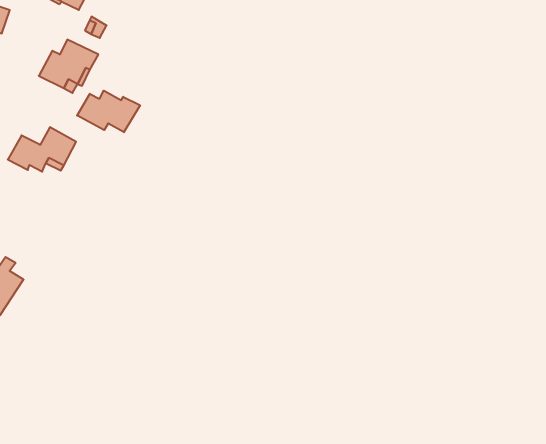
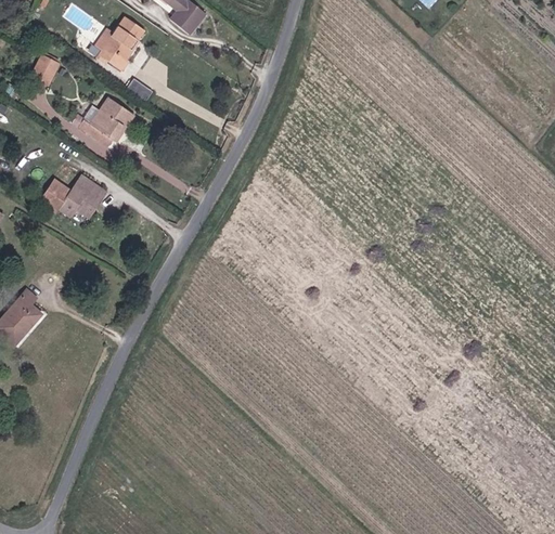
building: [77,91,140,132] -> none

